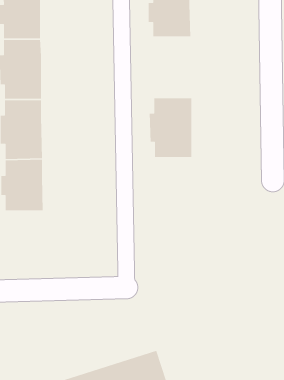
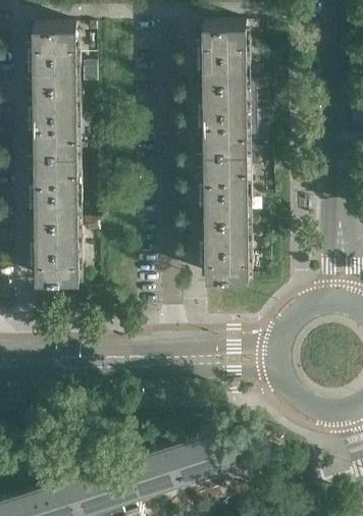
building: none -> [199,83,248,151]
building: none -> [200,219,249,277]

